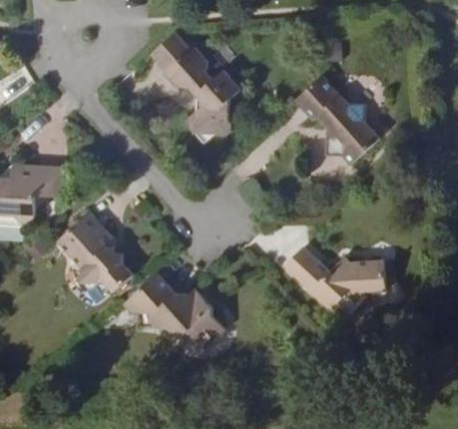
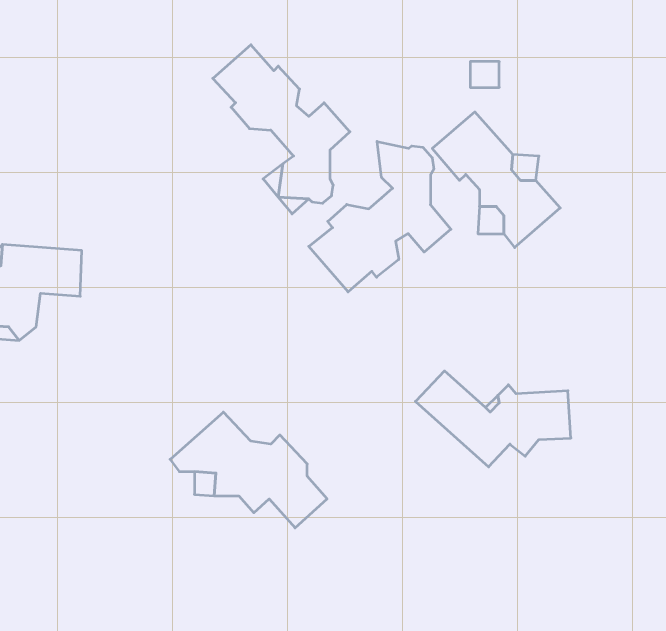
building: none -> [309,141,451,292]
building: [56,211,132,294] -> none

